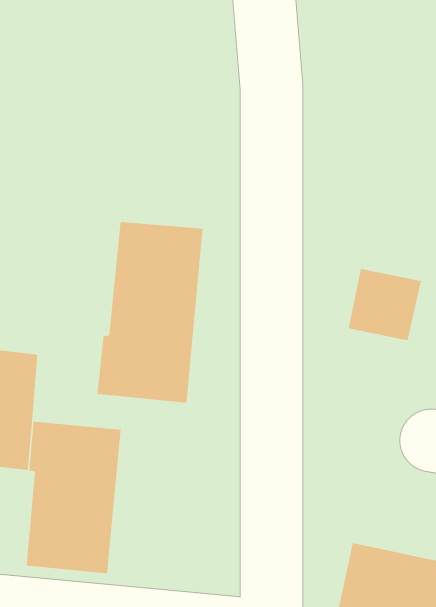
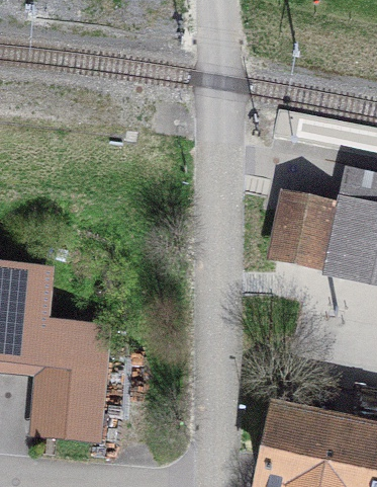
building: [97,221,203,403] -> none

